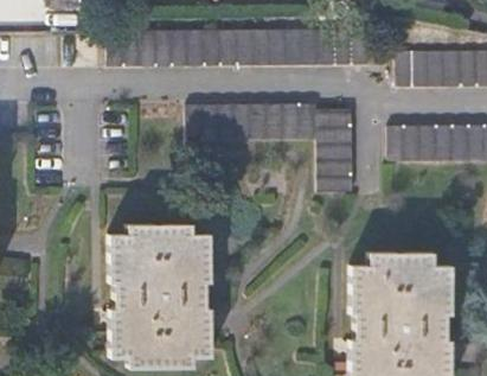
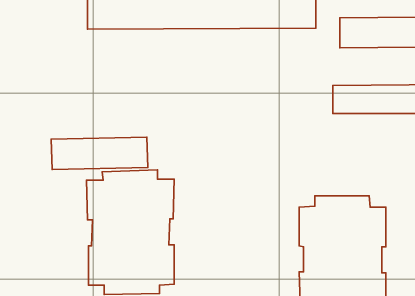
building: [188,104,353,192] -> none
building: none -> [51,137,148,169]

